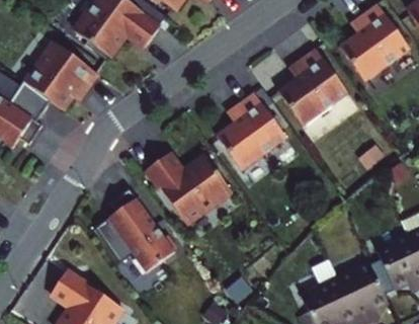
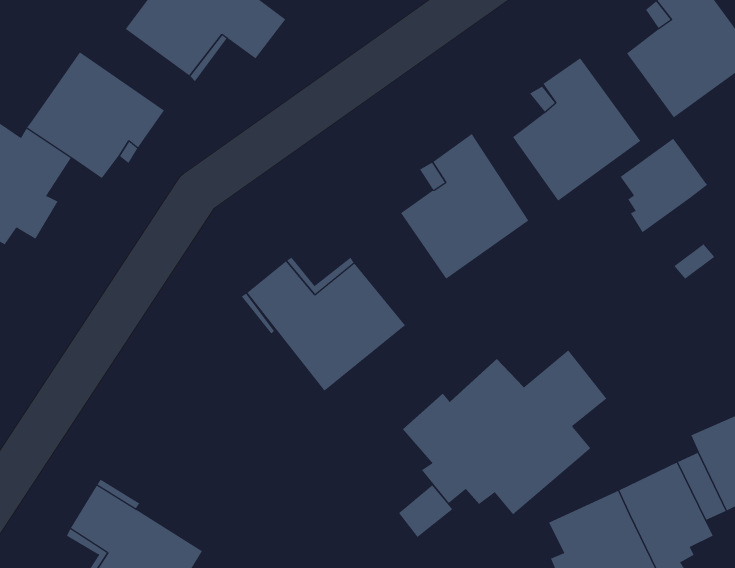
building: none -> [620,138,708,233]
building: [93,190,173,272] -> none
building: none -> [402,350,607,515]

